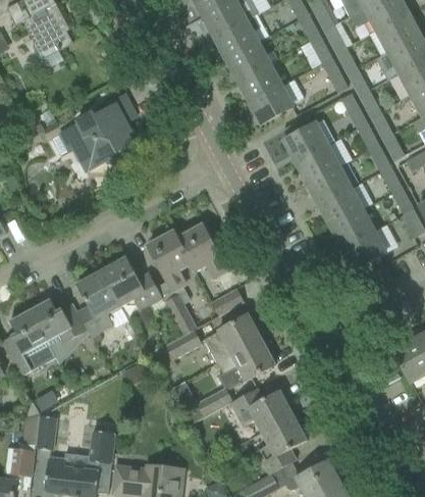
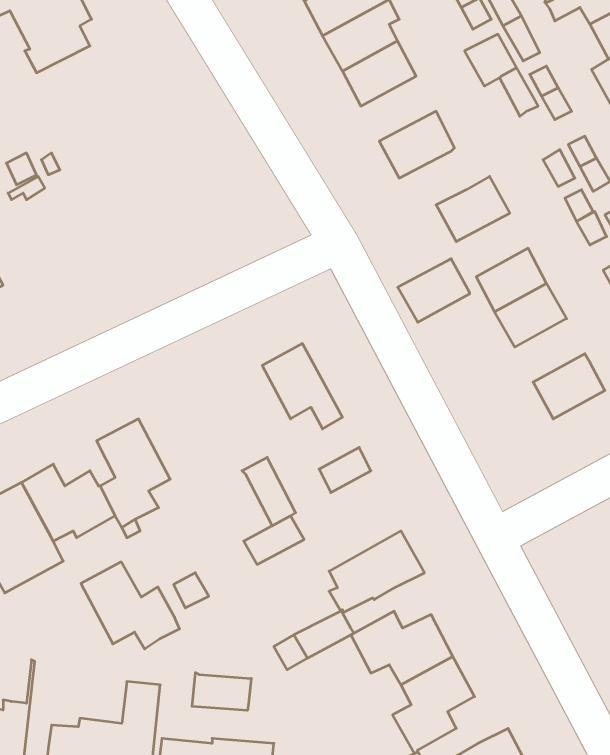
building: [236,60,282,100] -> none
building: [59,93,140,168] -> none
building: [295,144,338,183] -> [398,259,470,322]
building: [330,208,373,247] -> none
building: [147,230,194,290] -> none
building: [101,256,161,309] -> [81,562,180,649]
building: [204,313,261,362] -> none
building: [37,414,56,449] -> none
building: none -> [192,673,251,710]

